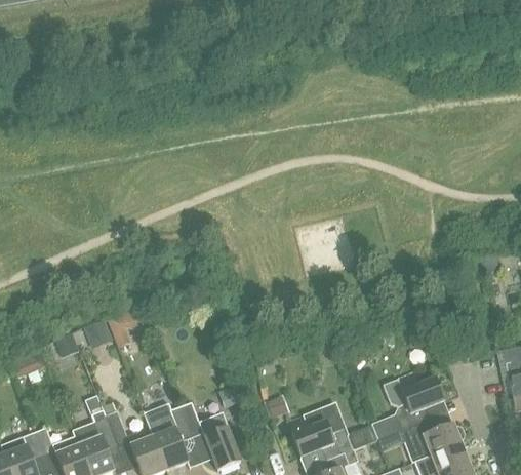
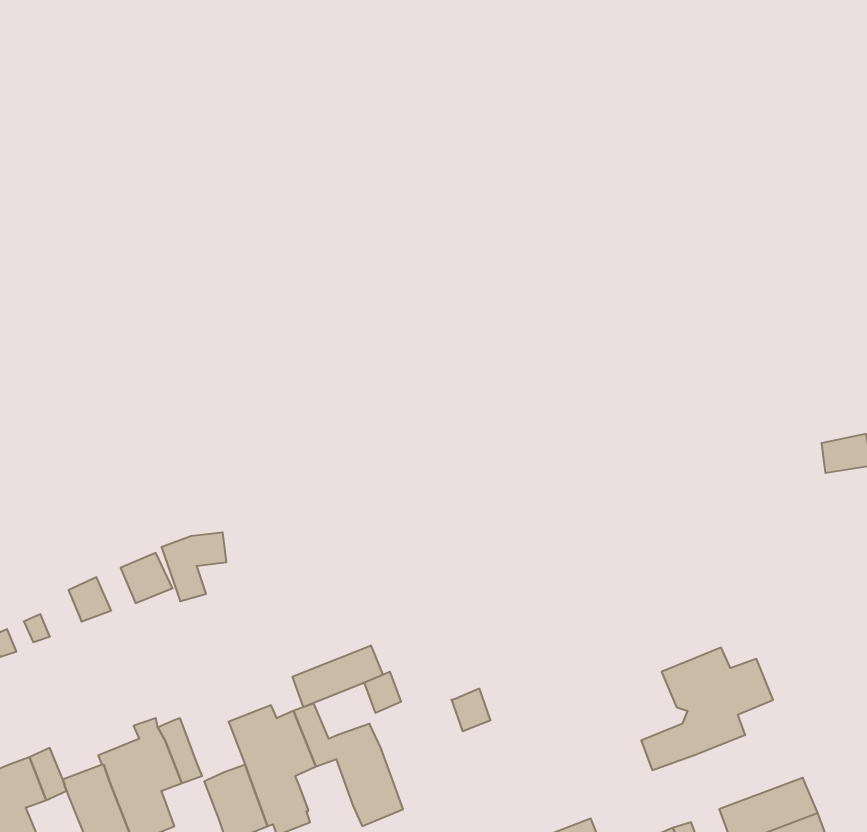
building: none -> [293,645,383,707]
building: [287,403,376,461] -> none
building: [400,420,464,462] -> none

